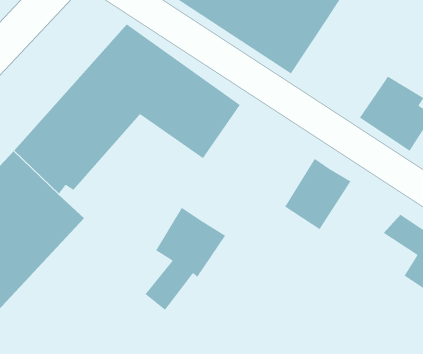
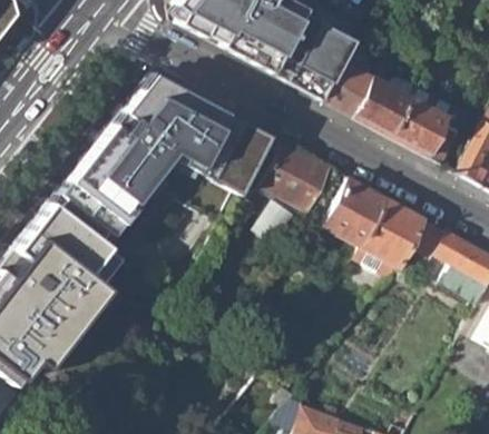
building: none -> [320,45,411,138]
building: none -> [354,200,423,276]
building: [145,207,226,311] -> [256,146,331,248]

